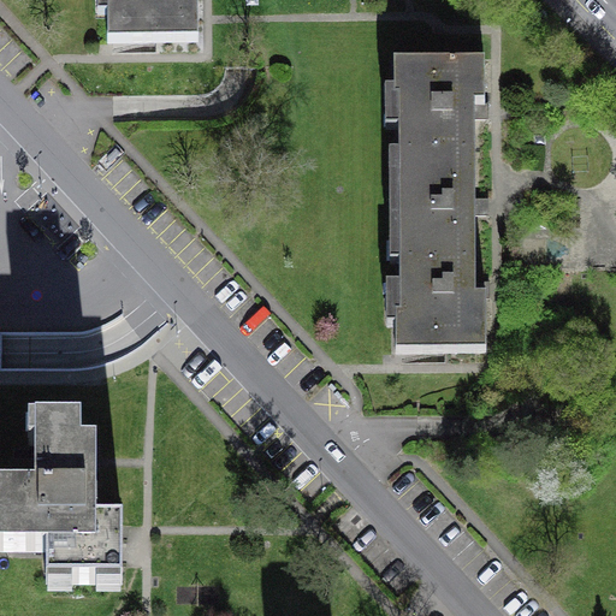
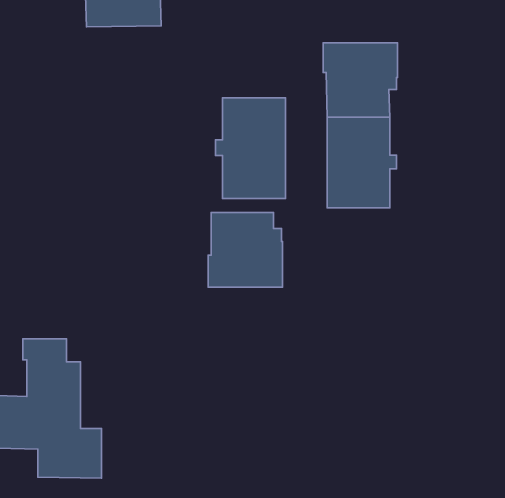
building: none -> [216,98,285,198]
building: [392,251,482,342] -> [208,213,283,287]

